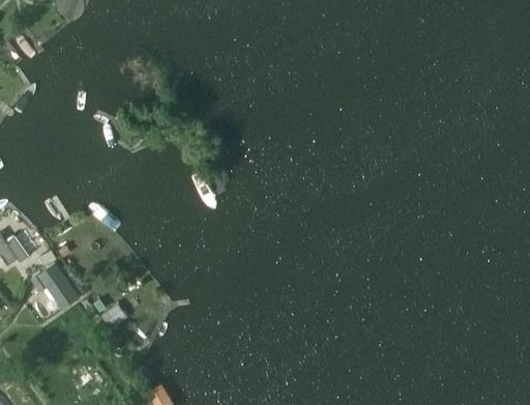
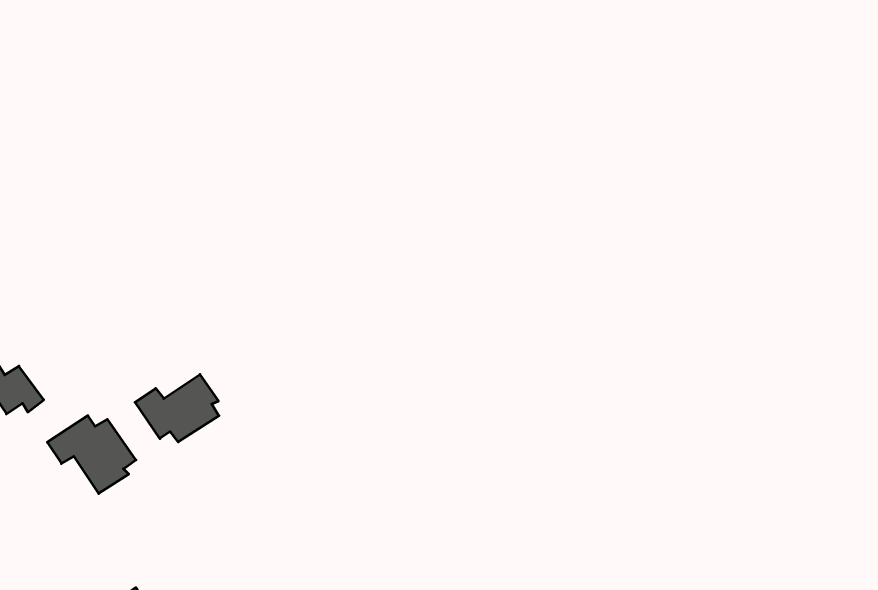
building: none -> [135,374,219,442]

